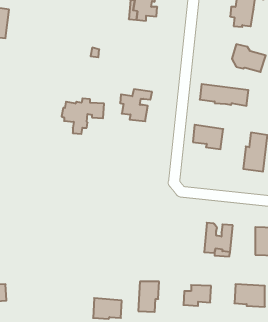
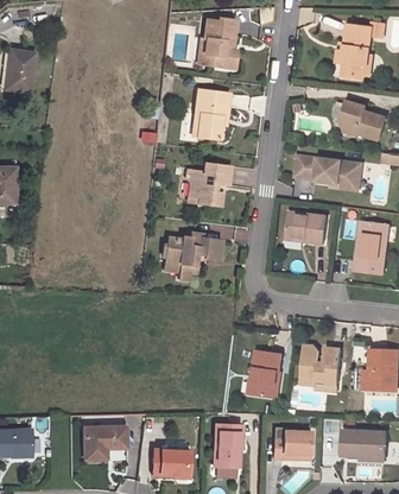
building: none -> [195,90,229,139]
building: [62,98,104,134] -> [162,232,220,280]
building: none -> [252,350,281,398]
building: none -> [84,425,126,457]

